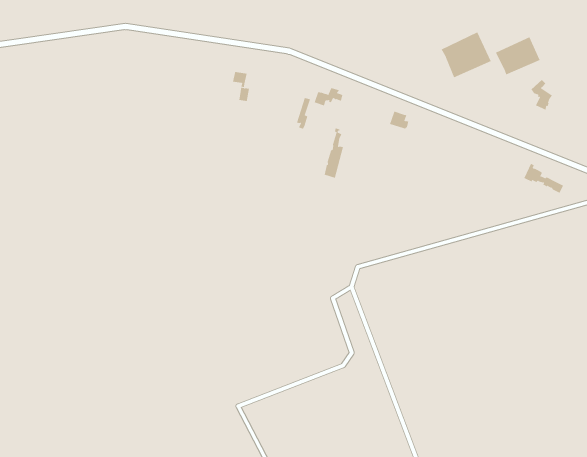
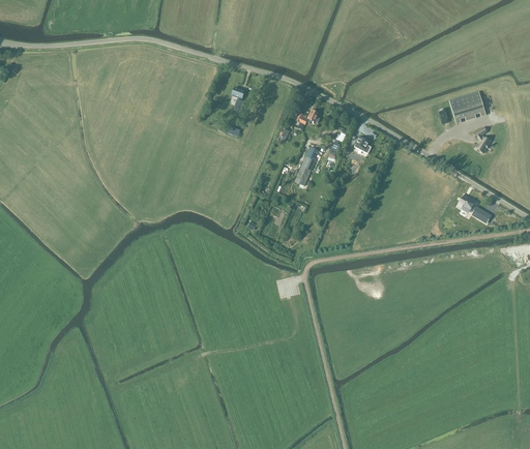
building: [441,31,491,78] -> none

